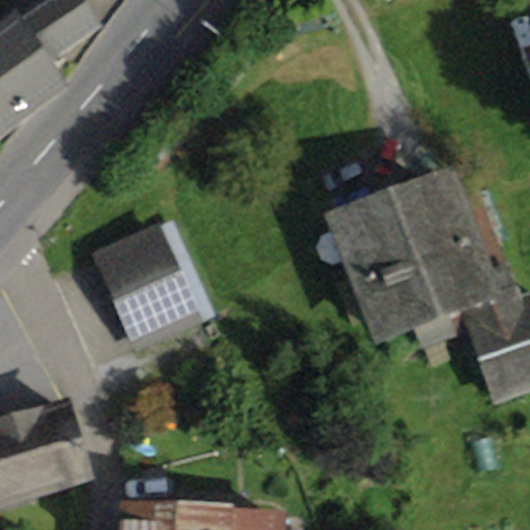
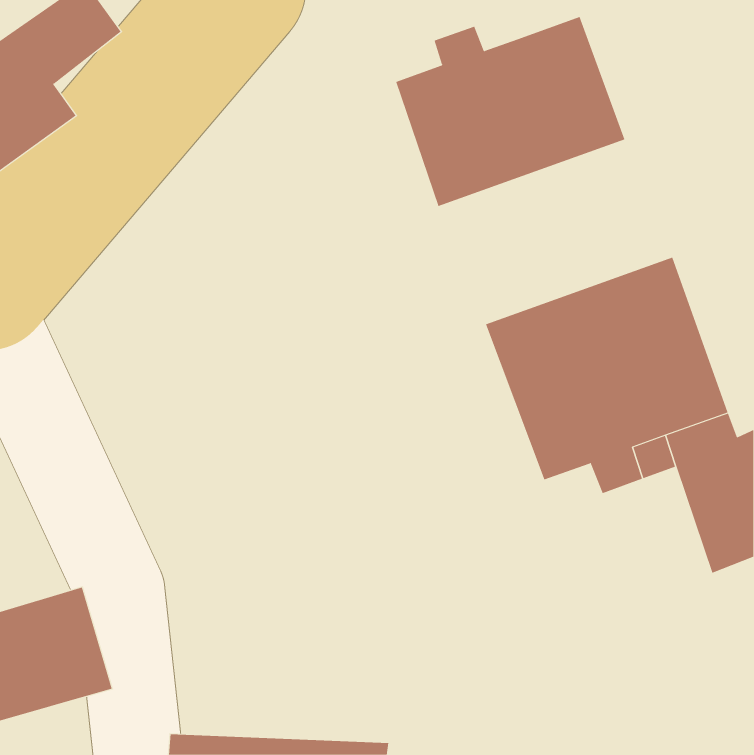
building: none -> [395,16,625,207]
building: [91,225,187,340] -> none

